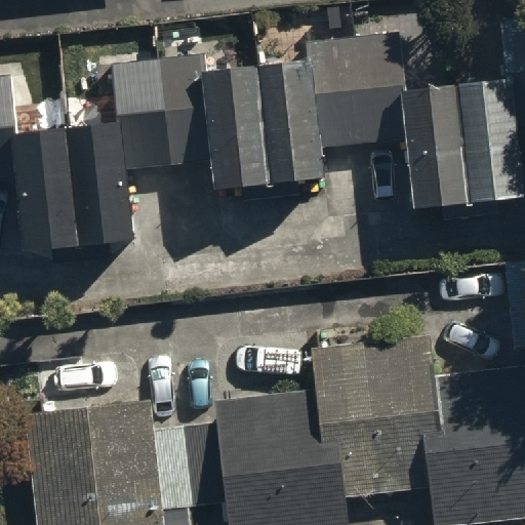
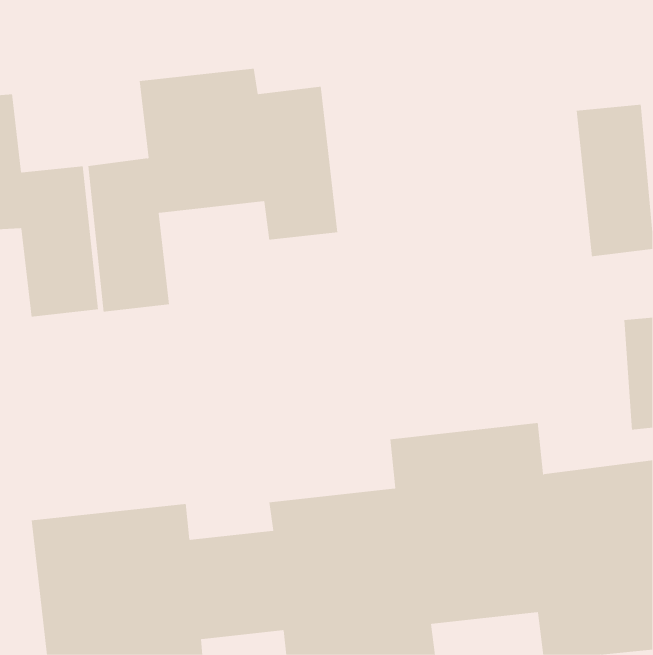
building: [260,33,467,211] -> none

